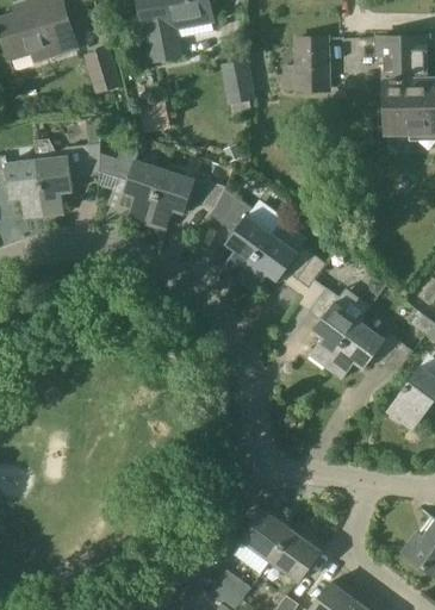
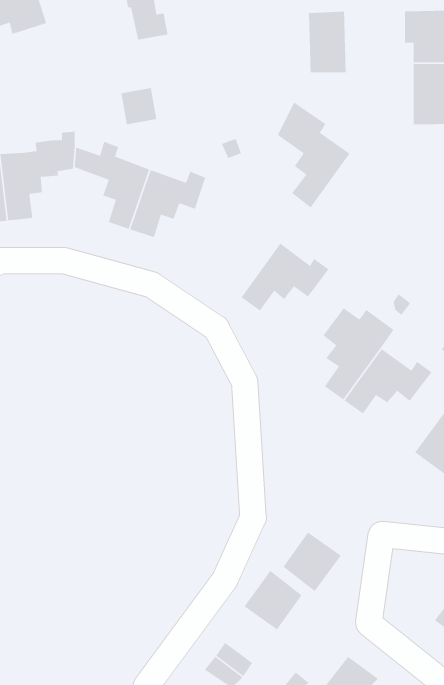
building: [85,51,118,94] -> none
building: [220,62,251,104] -> none
building: [210,188,272,279] -> [277,101,350,209]
building: [269,530,319,581] -> [282,532,342,592]

